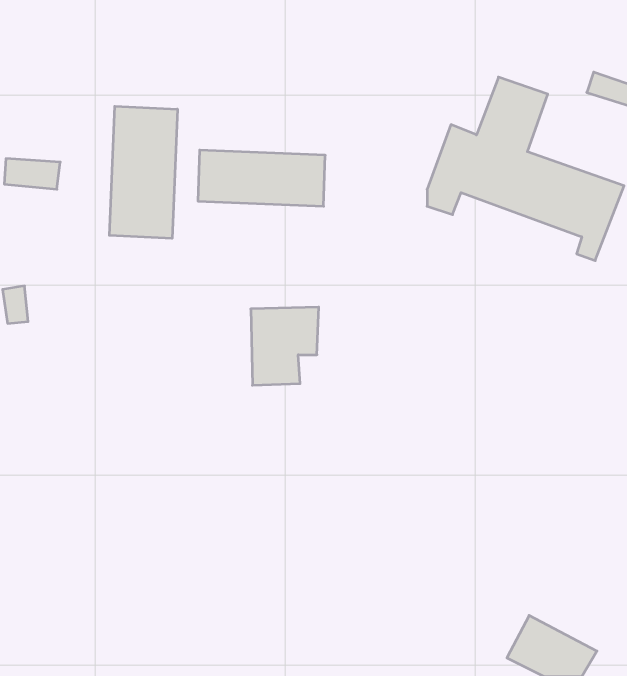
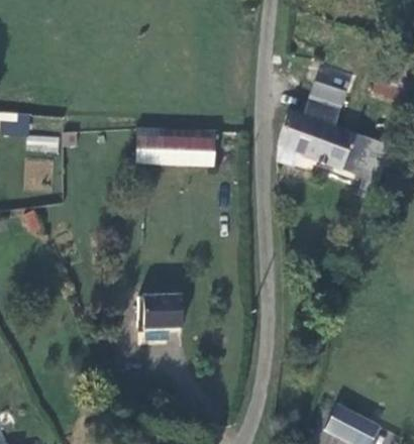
building: [109,106,177,238] -> none
building: [251,307,319,385] -> [141,296,182,342]

